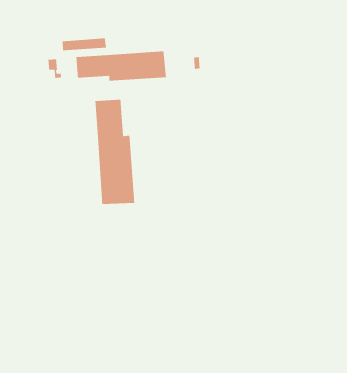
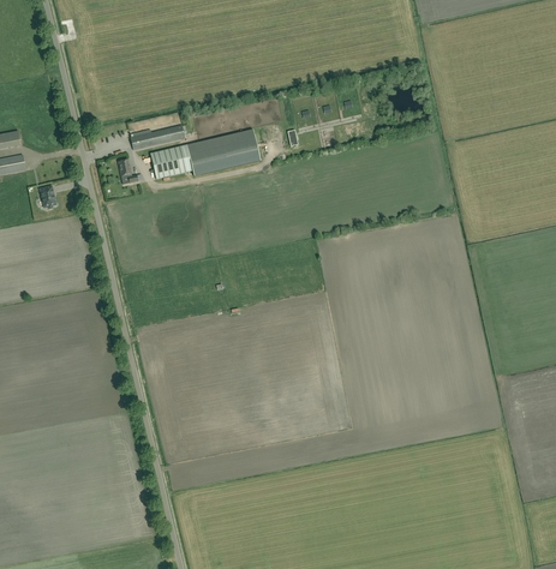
building: [94,99,135,205] -> none

